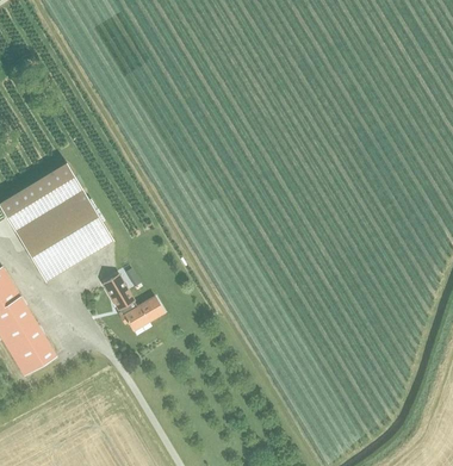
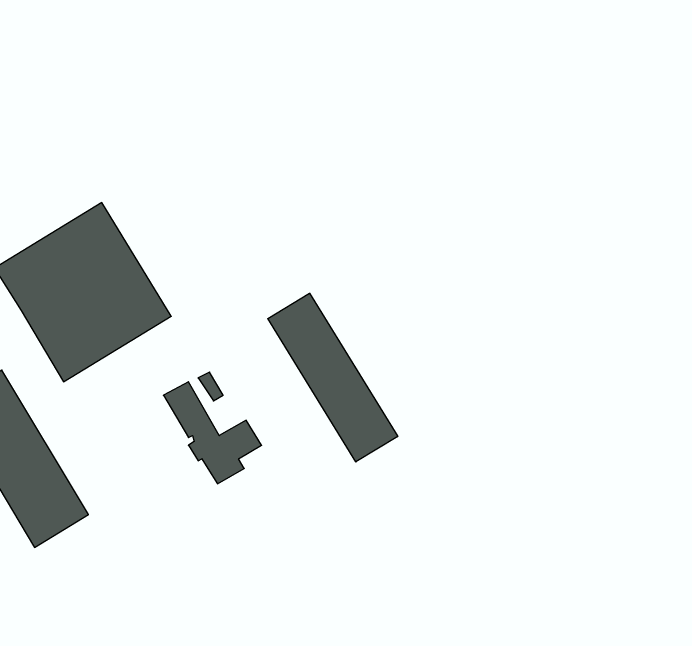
building: none -> [268,293,398,462]

